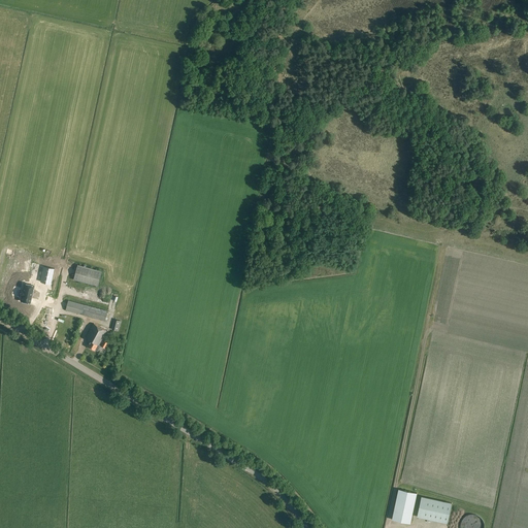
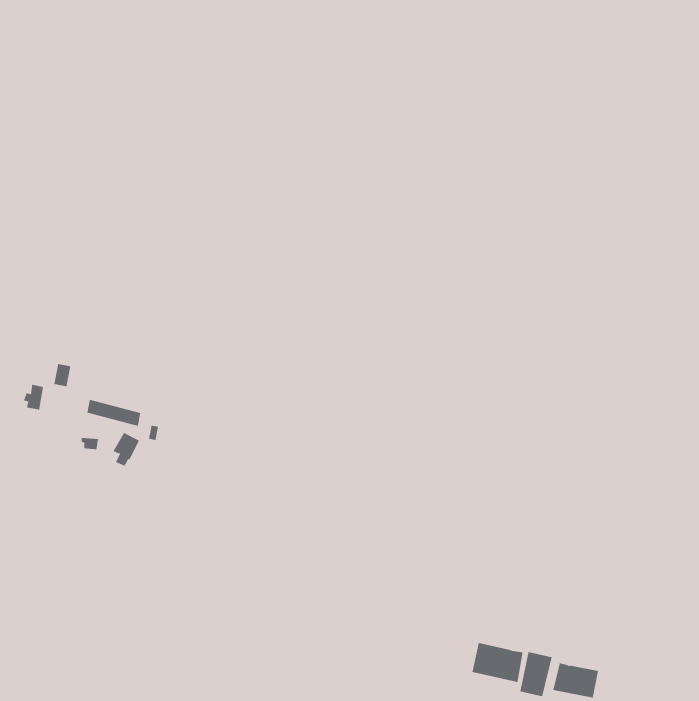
building: [72,264,101,287] -> none
building: none -> [472,642,523,683]

